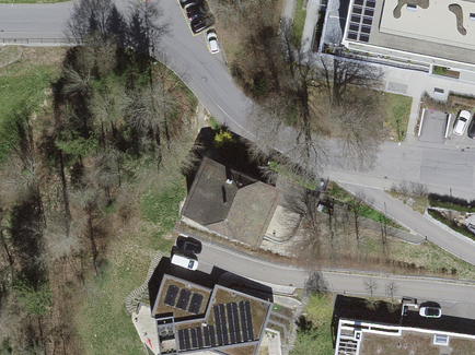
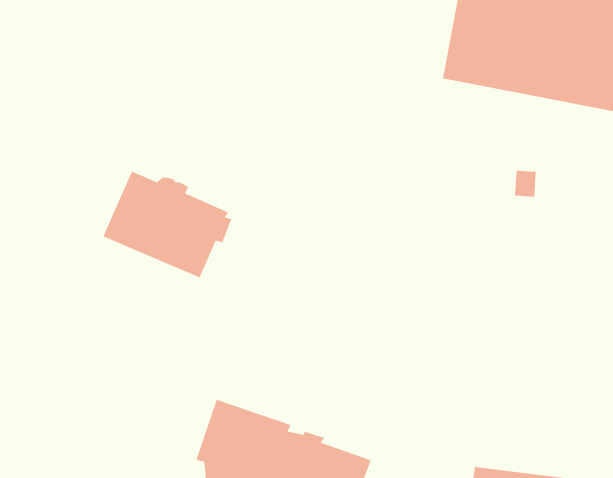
building: [190,166,279,239] -> [103,171,232,278]

